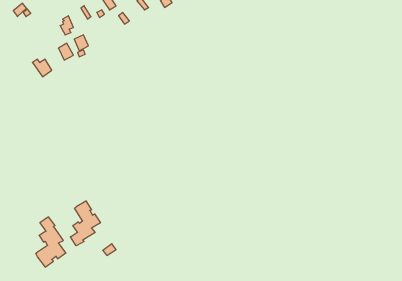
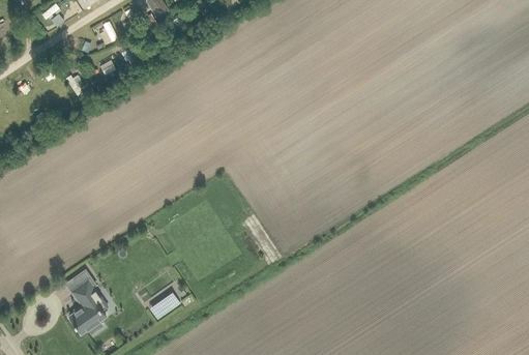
building: [70,201,100,246] -> none

